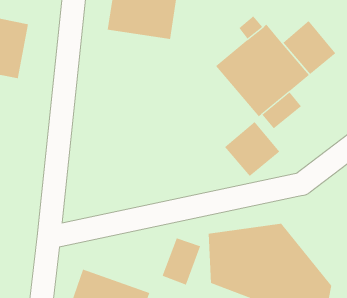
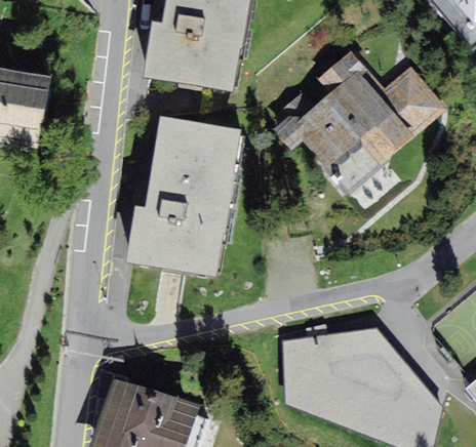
building: none -> [125,121,238,269]
building: [224,121,280,177] -> none
building: [162,237,201,285] -> none

